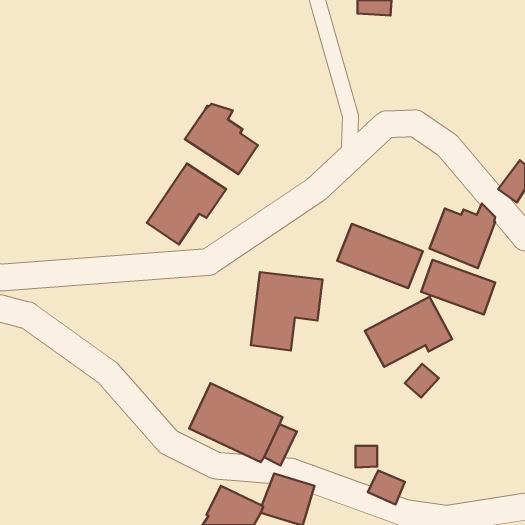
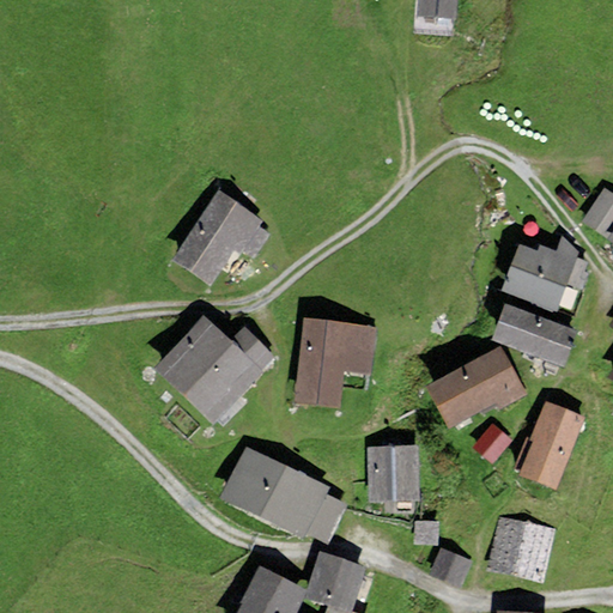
building: [185,104,258,174] -> none
building: [337,224,423,288] -> none
building: none -> [152,312,275,423]
building: none -> [518,401,583,490]
building: none -> [368,445,418,502]
building: none -> [486,517,554,583]

